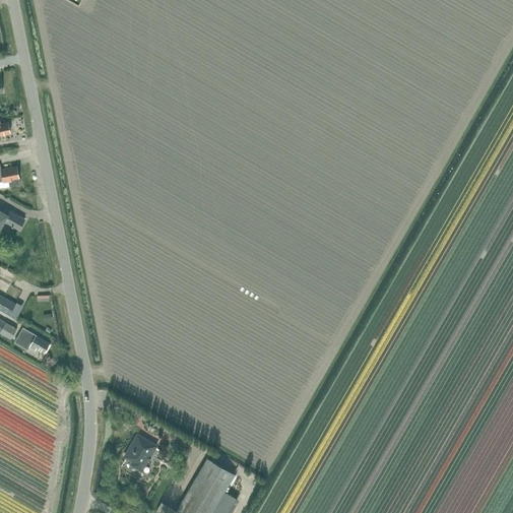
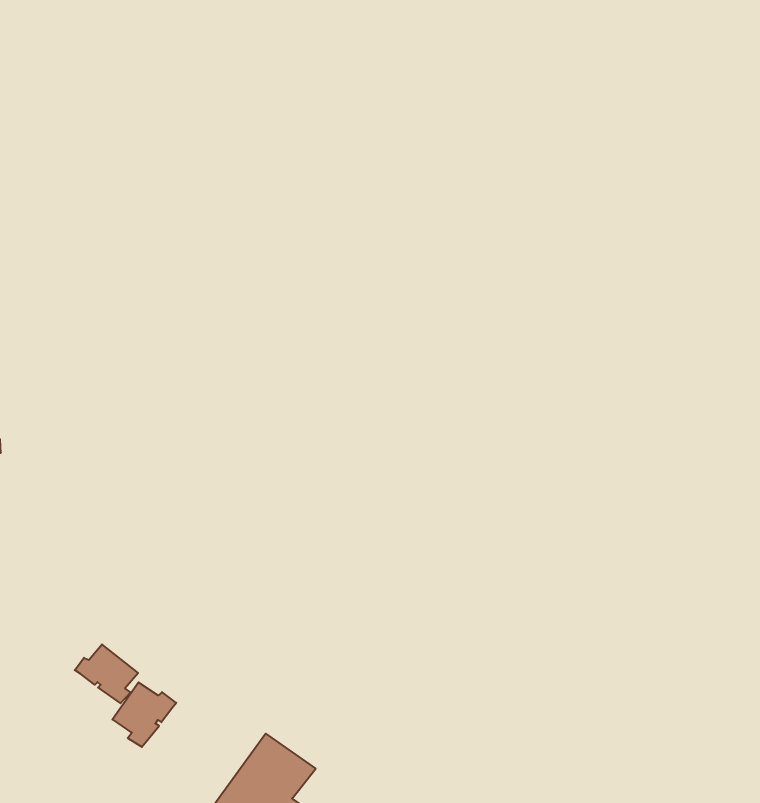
building: none -> [75,644,138,703]

